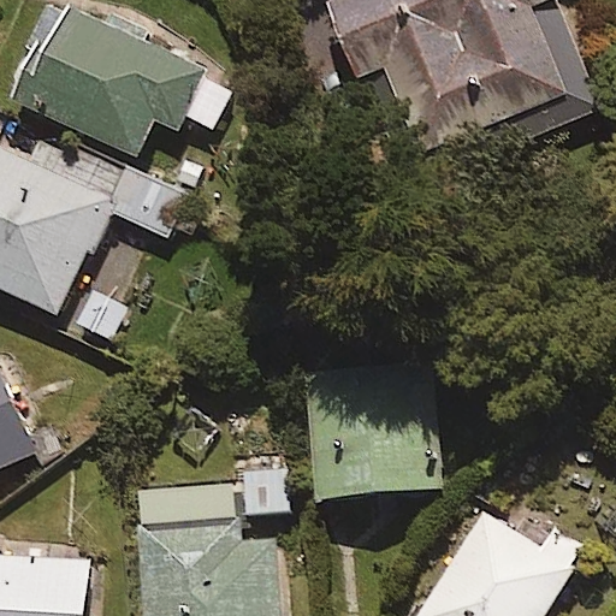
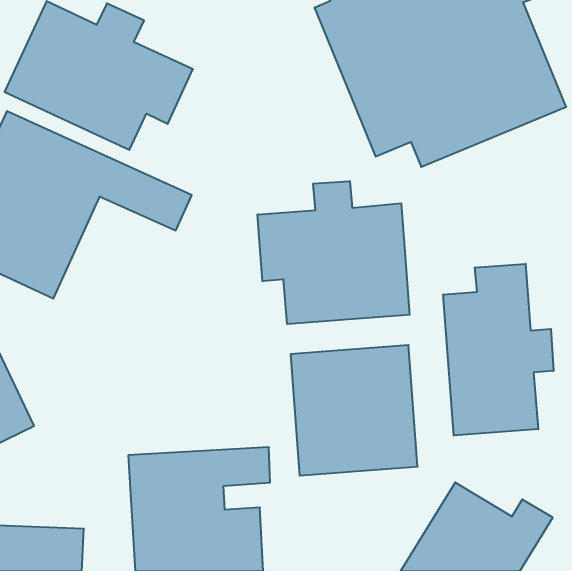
building: none -> [258,181,410,324]
building: none -> [443,264,554,436]

